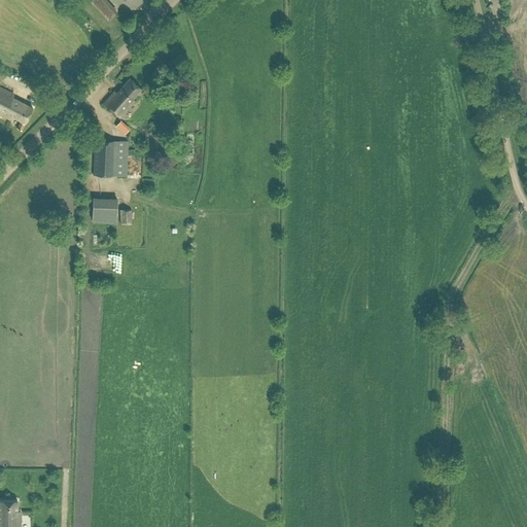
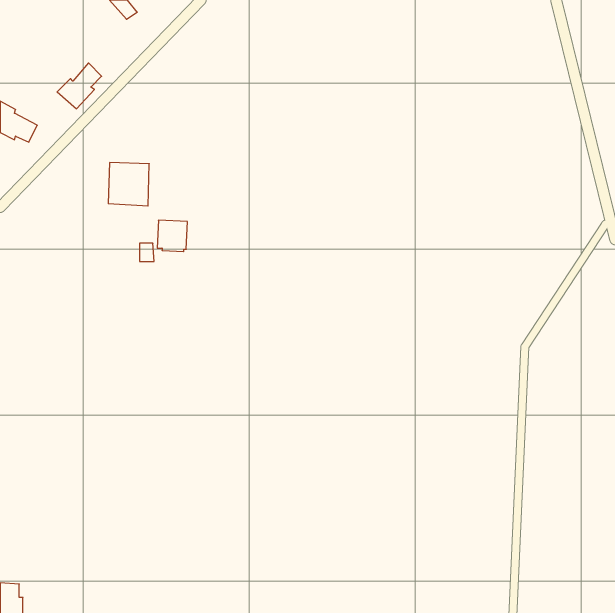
building: [103,79,141,118] -> [57,63,102,109]
building: [92,198,117,224] -> [157,220,187,252]

